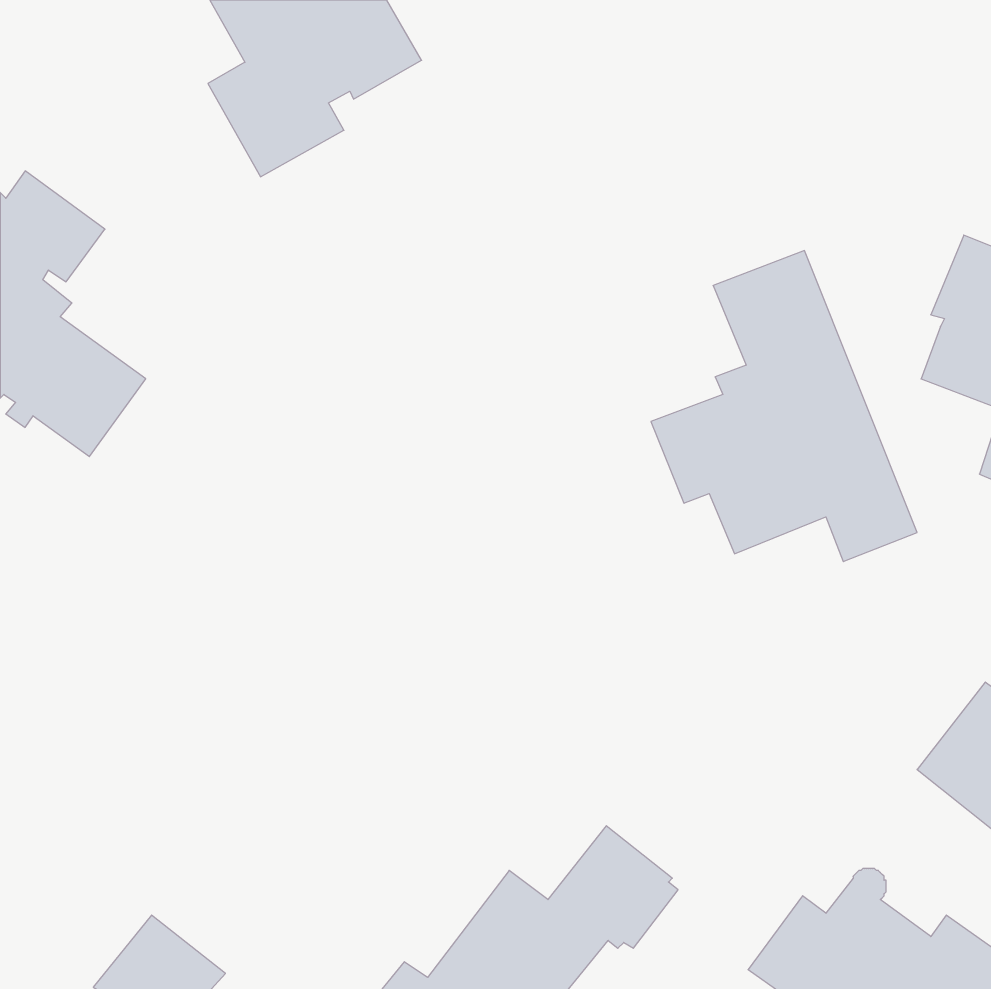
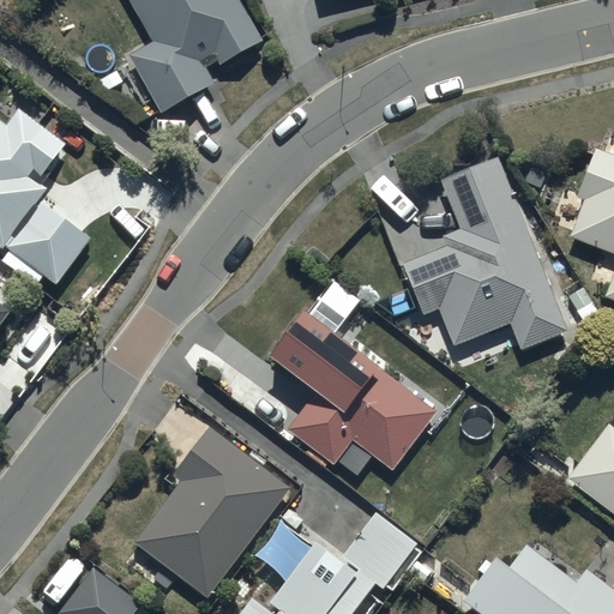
building: none -> [270,306,453,470]
building: none -> [134,426,290,597]

